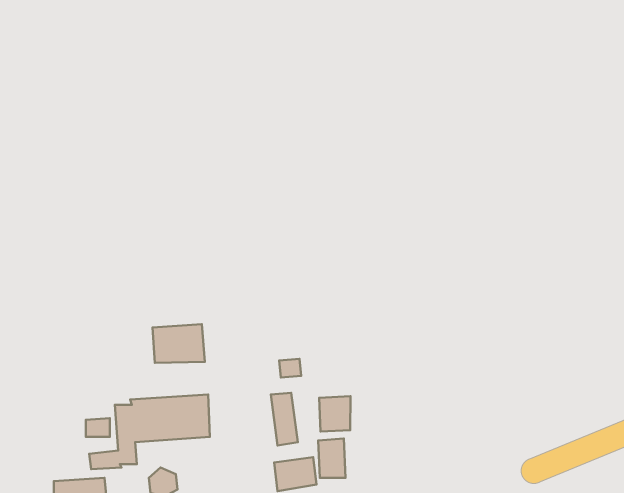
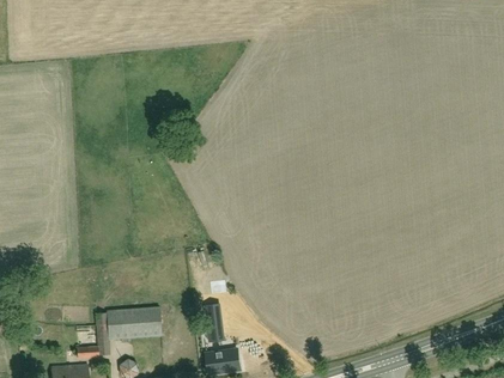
building: [152,324,205,363] -> none
building: [319,396,350,432] -> none

